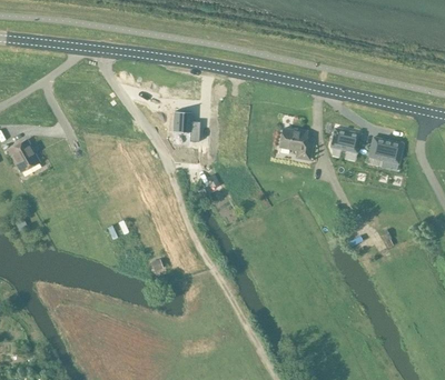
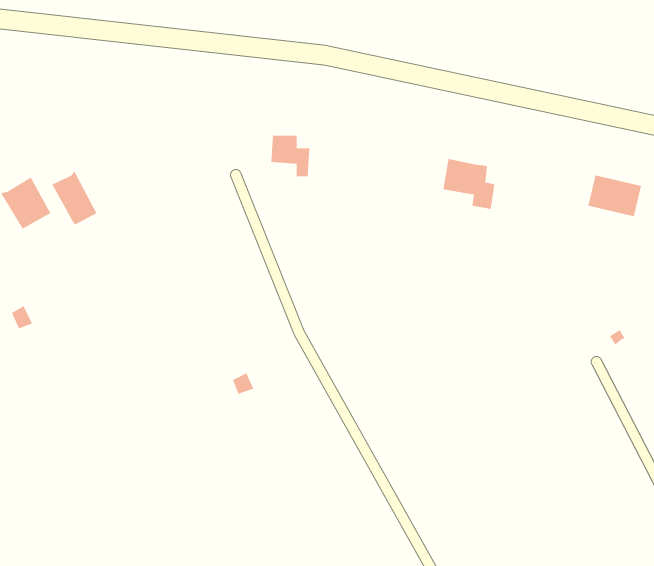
building: [329,129,360,154] -> none
building: none -> [51,170,97,226]

